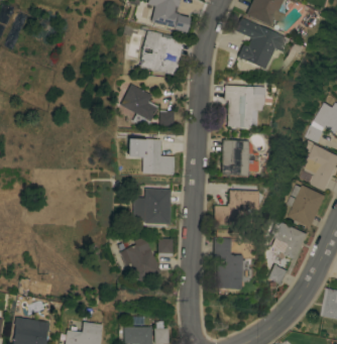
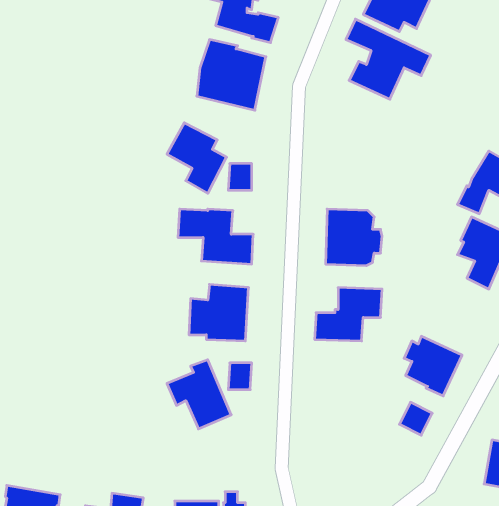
building: [224,86,262,128] -> none
building: [289,185,327,227] -> none
building: [212,237,248,289] -> none

